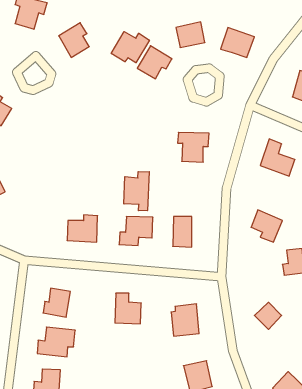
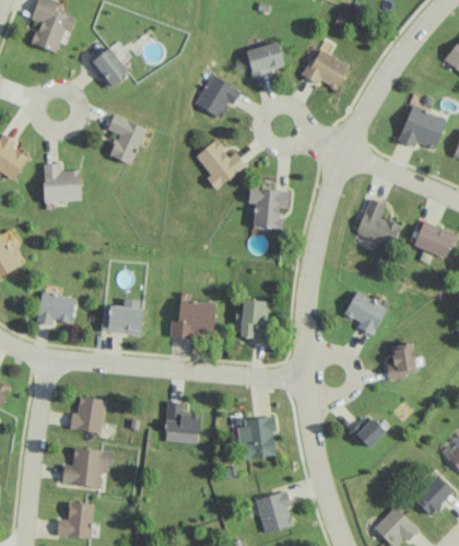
building: [111,32,149,63] -> none
building: none -> [107,114,145,164]
building: none -> [195,138,245,189]
building: none -> [43,163,81,201]
building: [124,172,149,211] -> none
building: none -> [36,291,74,324]

